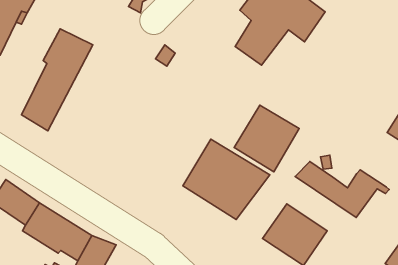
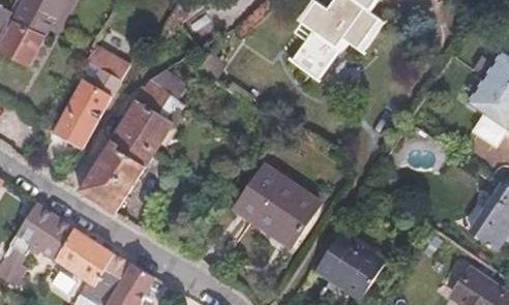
building: none -> [79,68,191,215]
building: [234,105,299,172] -> none
building: [295,161,389,217] -> none

